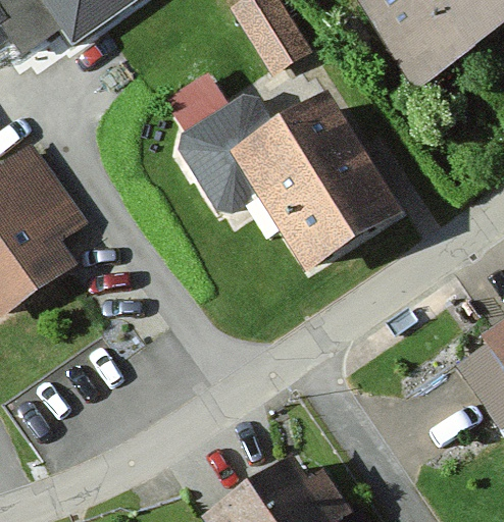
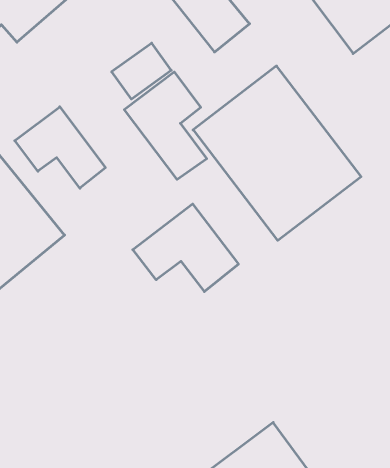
building: none -> [15,107,105,188]
building: none -> [133,204,238,292]

